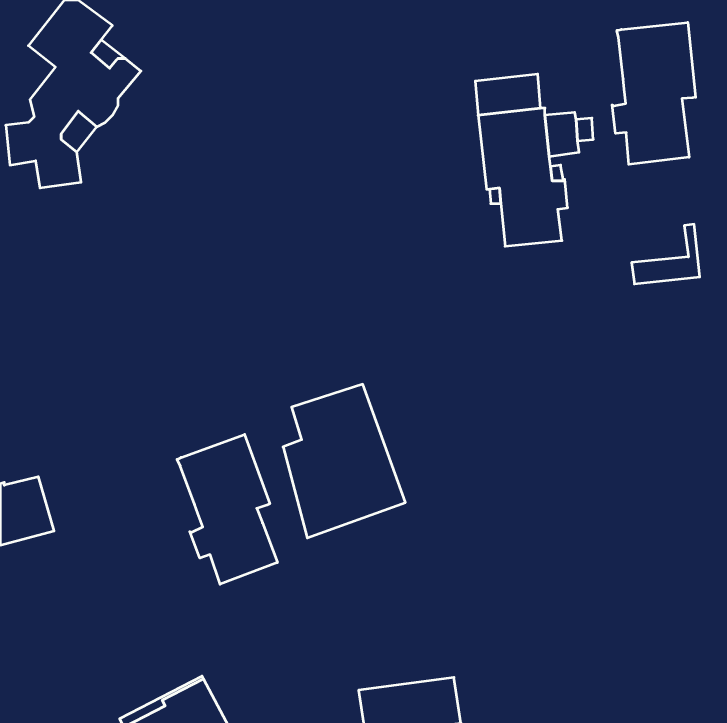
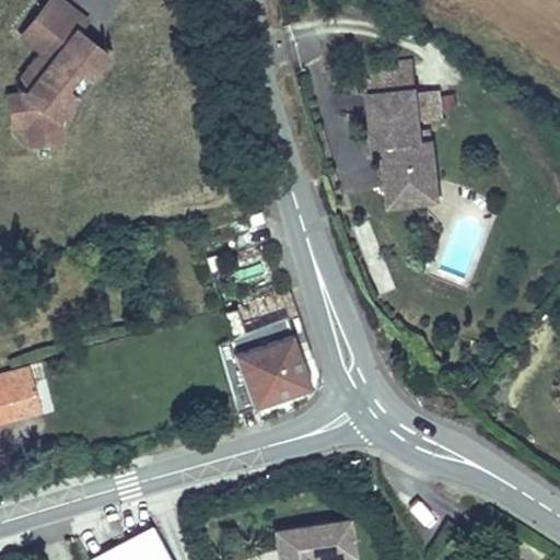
building: [612,22,696,164] -> none
building: [632,224,700,284] -> [388,163,441,209]
building: [177,434,277,584] -> none

